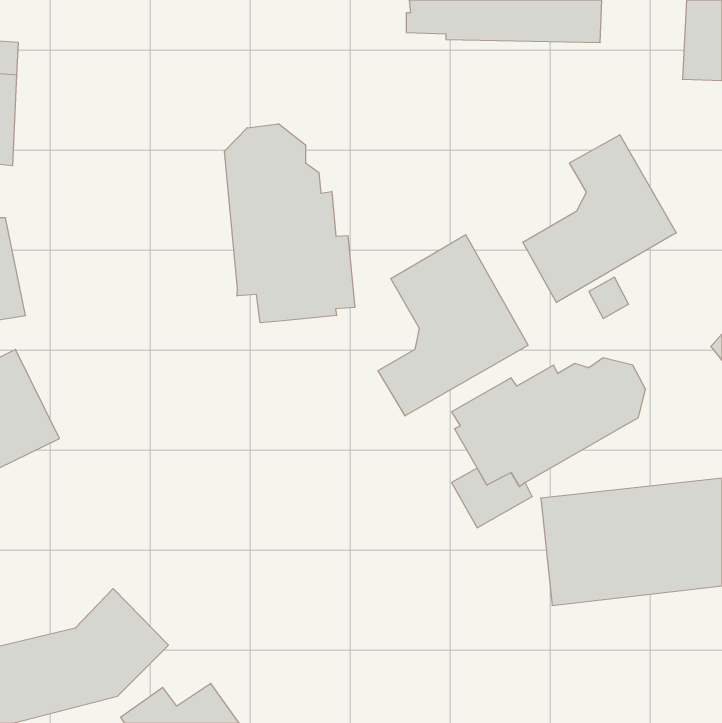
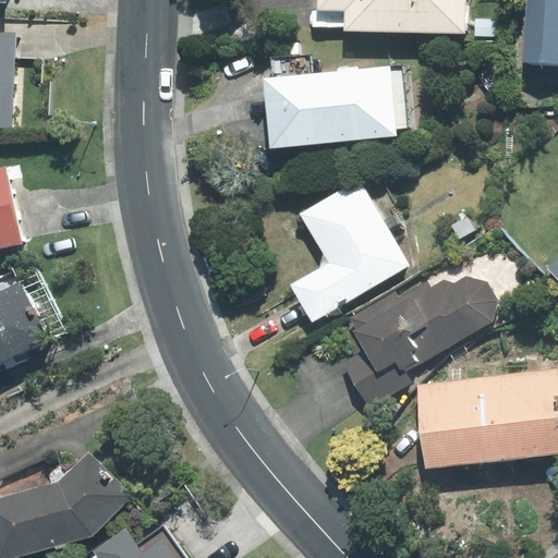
building: none -> [264,54,407,146]
building: [225,124,355,323] -> none
building: [523,135,676,303] -> none

